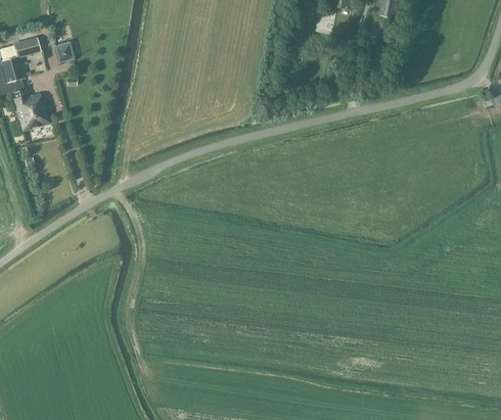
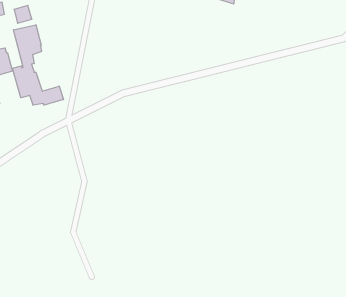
building: none -> [13,25,63,105]

